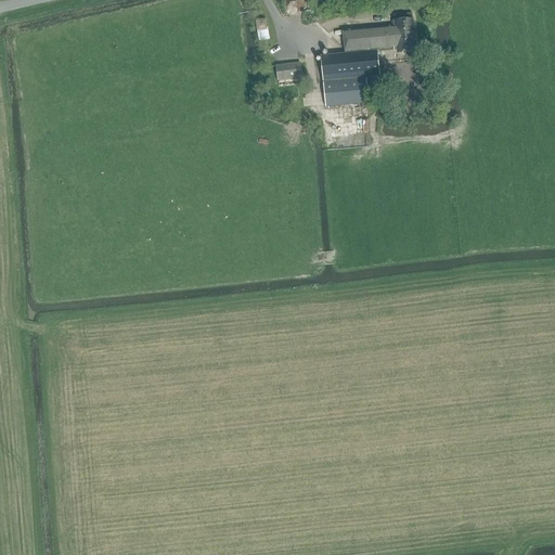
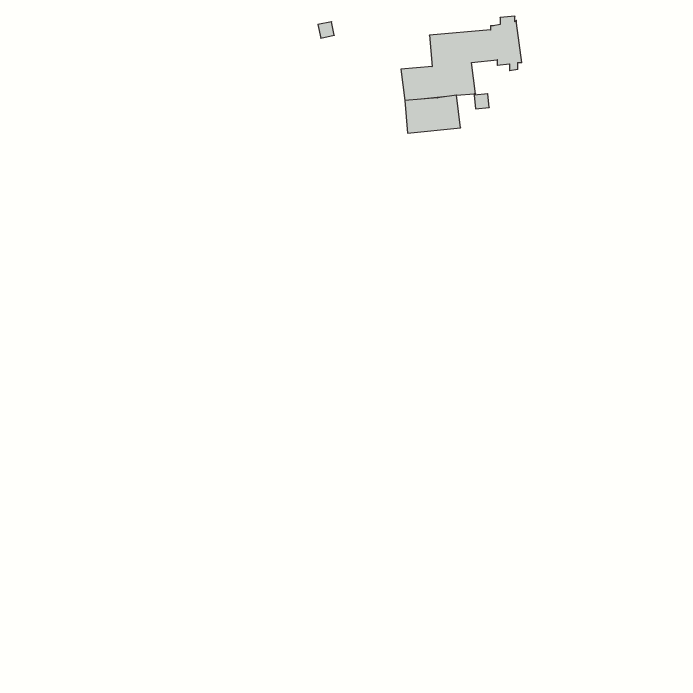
building: [274,62,300,83] -> none

